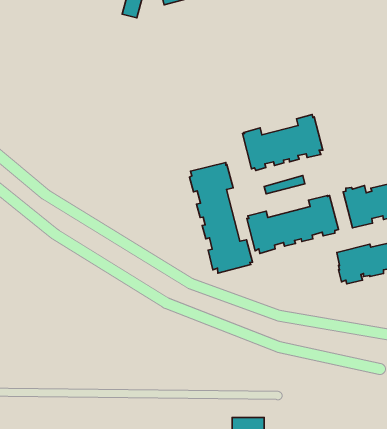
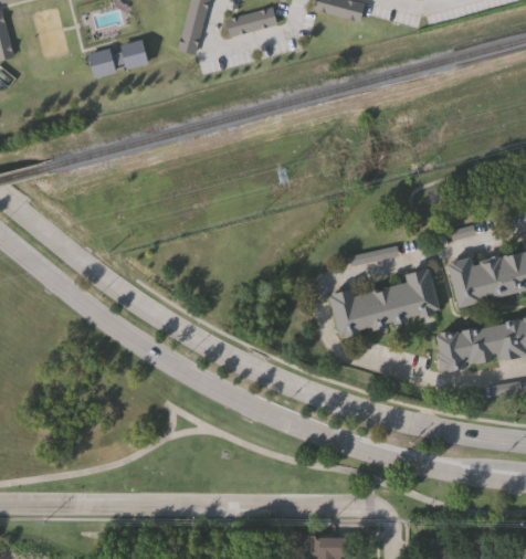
building: none -> [86,36,150,77]
building: [243,115,323,171] -> none
building: [189,163,253,273] -> none

